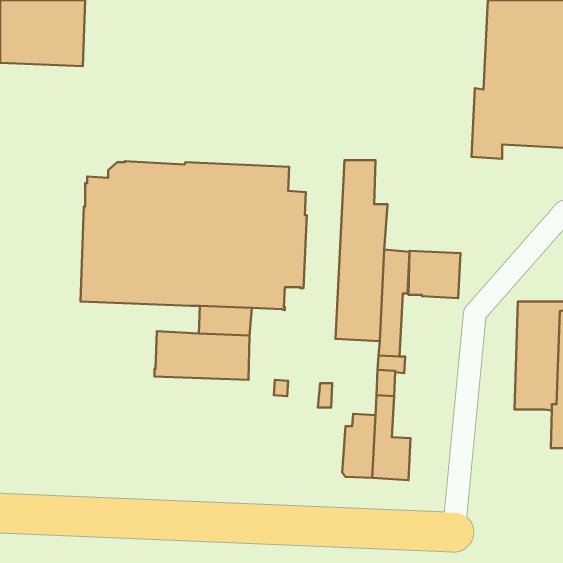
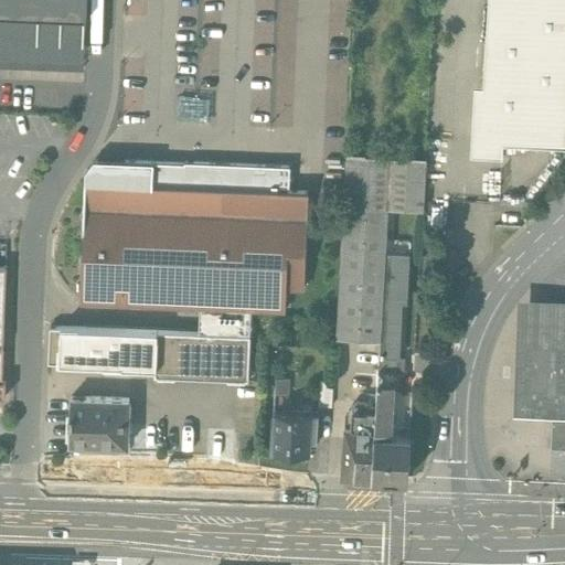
building: [408,251,460,298] -> [375,161,427,209]
building: none -> [49,328,158,373]
building: none -> [70,398,130,447]
building: none -> [273,414,318,462]

